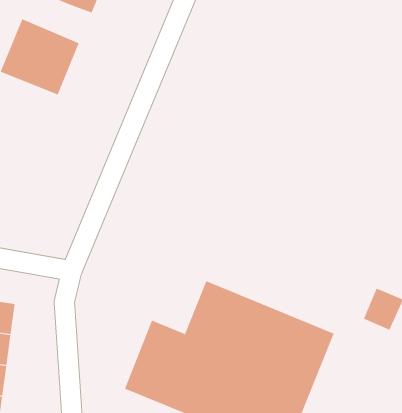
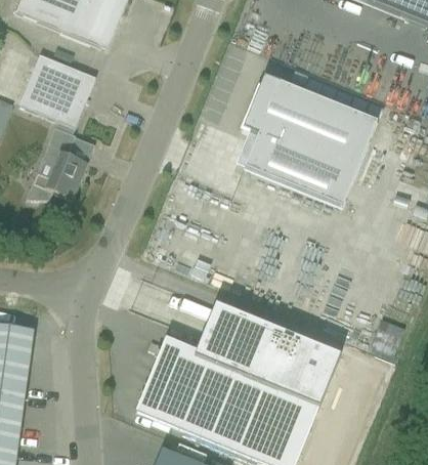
building: none -> [242,75,377,205]
building: none -> [26,124,87,198]

